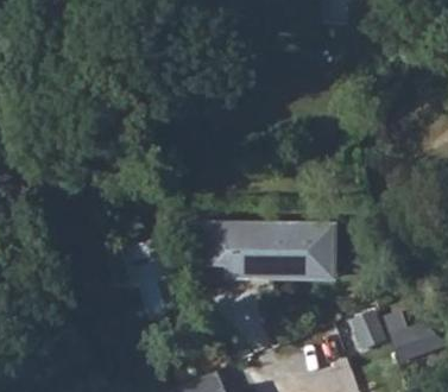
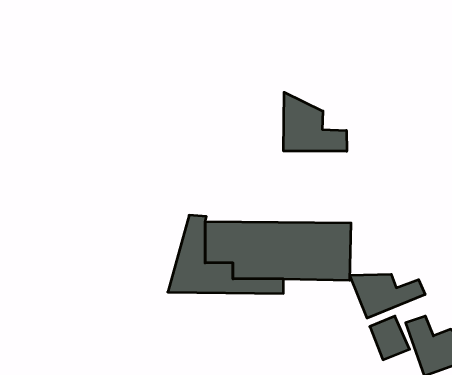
building: none -> [284,92,347,151]
building: none -> [350,274,425,318]

